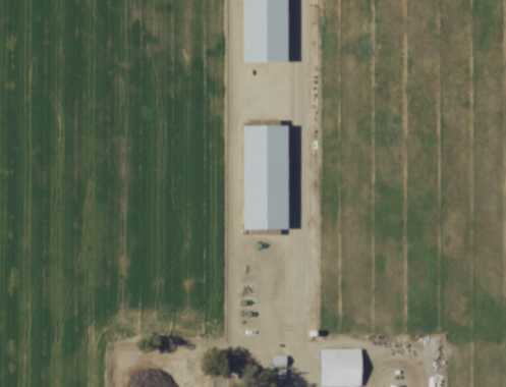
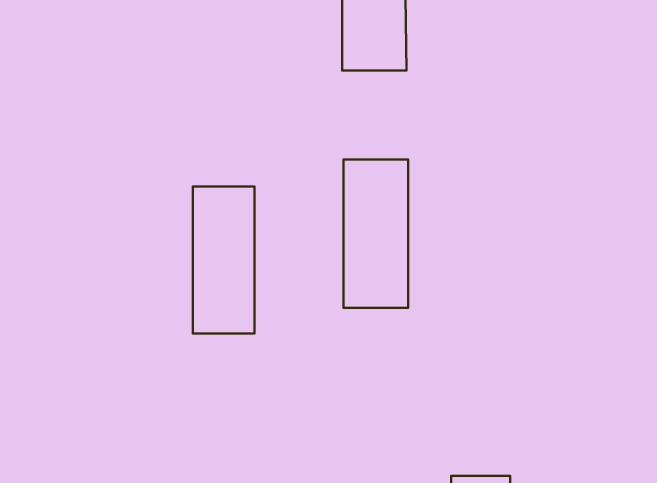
building: none -> [193,186,254,333]

